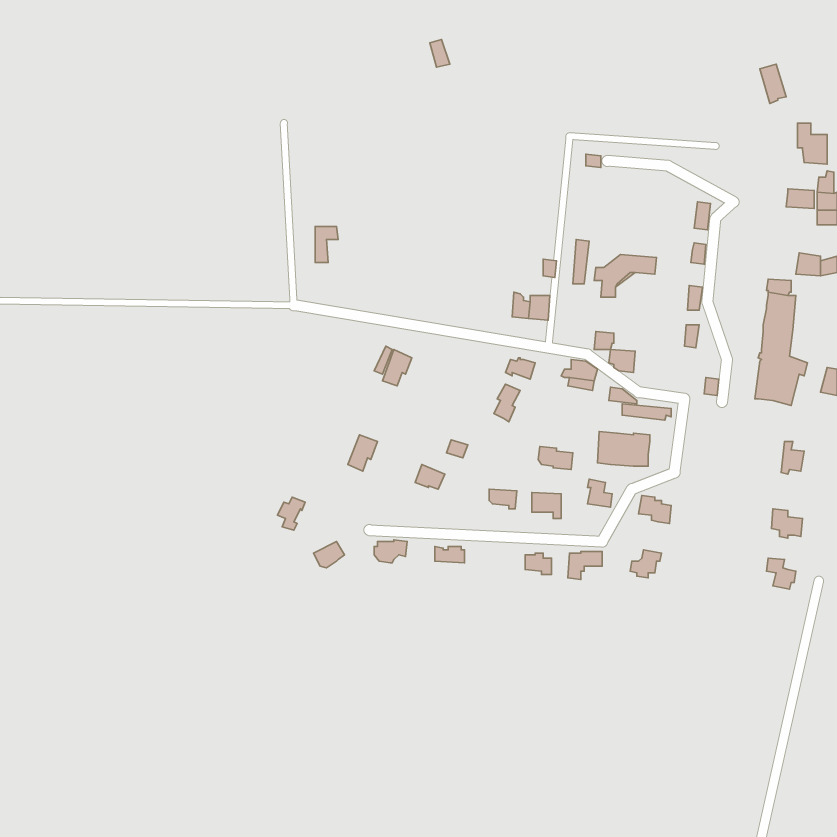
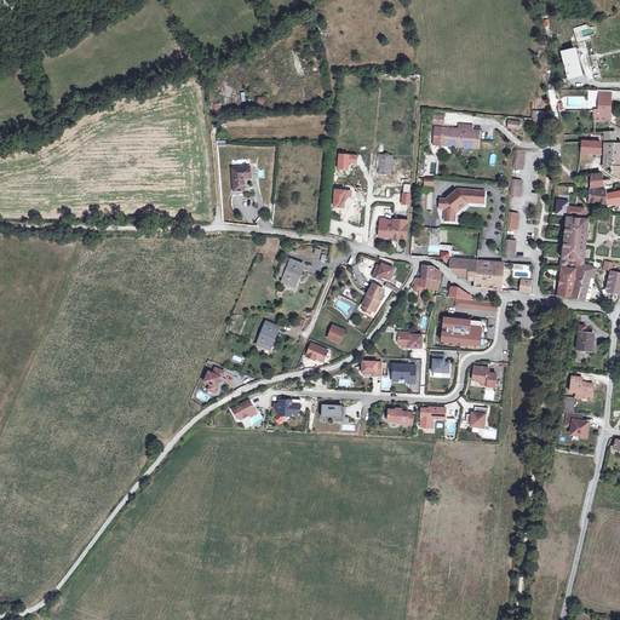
building: none -> [440,124,478,147]
building: none -> [473,260,503,289]

